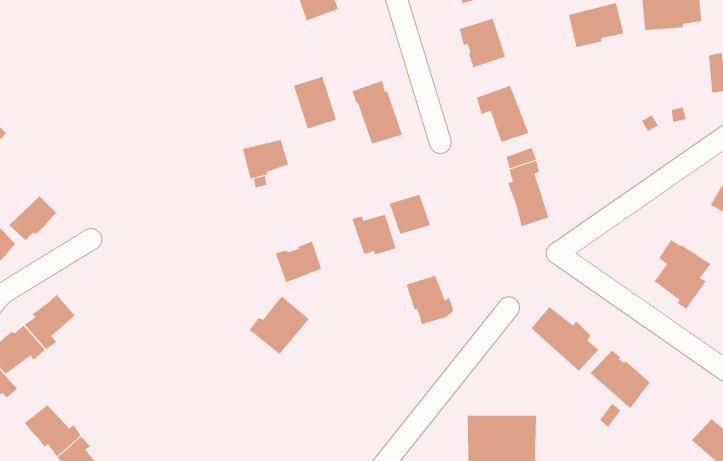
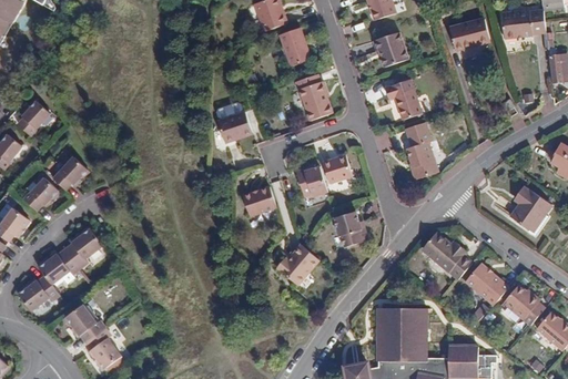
building: [293,76,337,129] -> [280,27,311,64]
building: [249,296,309,355] -> [276,244,320,286]
building: none -> [504,288,544,327]

